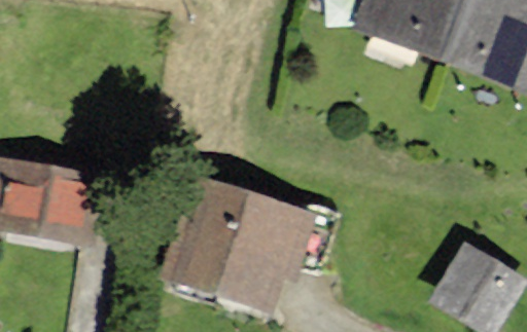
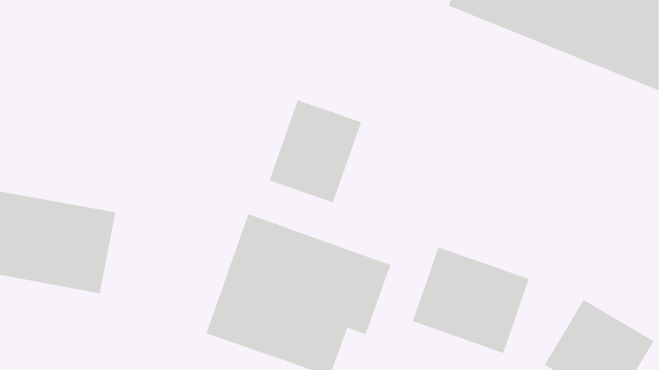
building: none -> [269,100,362,203]
building: none -> [412,246,529,354]

